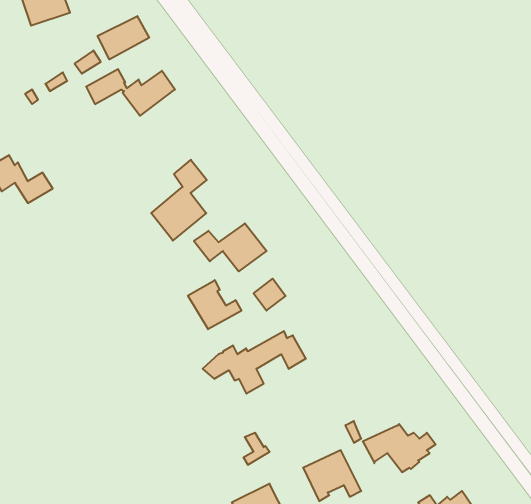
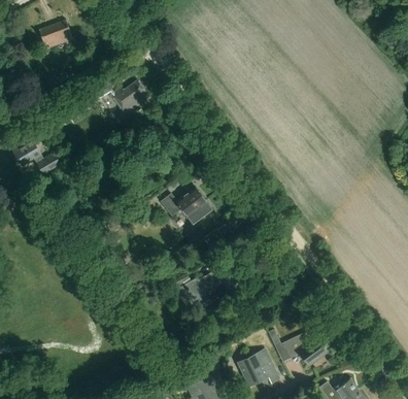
building: [98,16,149,59] -> none
building: [151,160,207,241] -> none
building: [188,280,241,329] -> none

